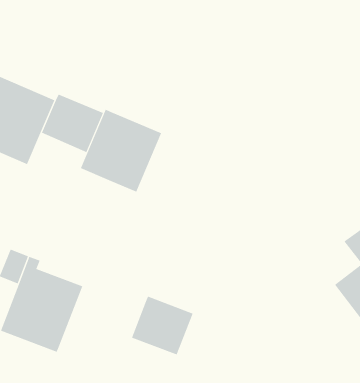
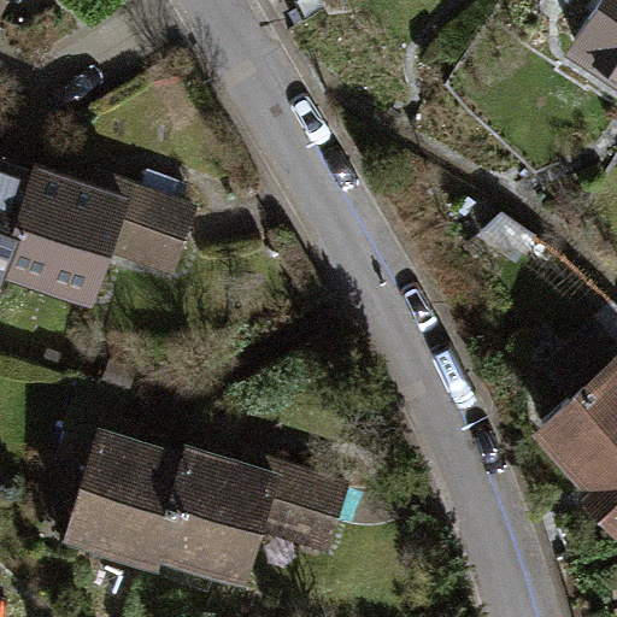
building: [80,109,162,193] -> none
building: none -> [157,457,272,580]

